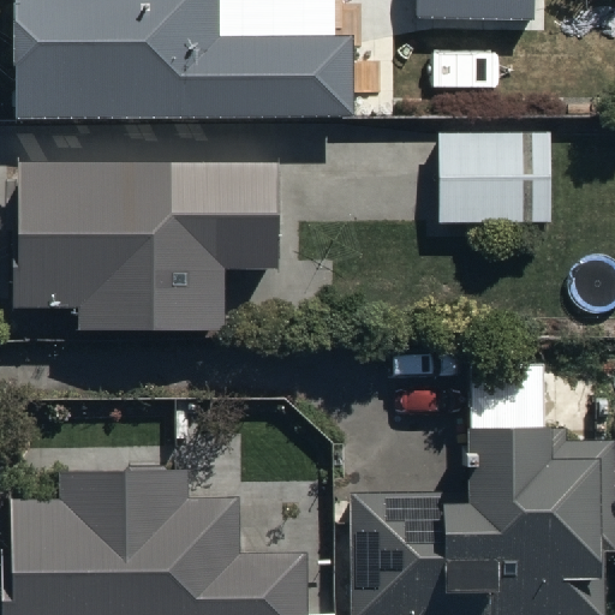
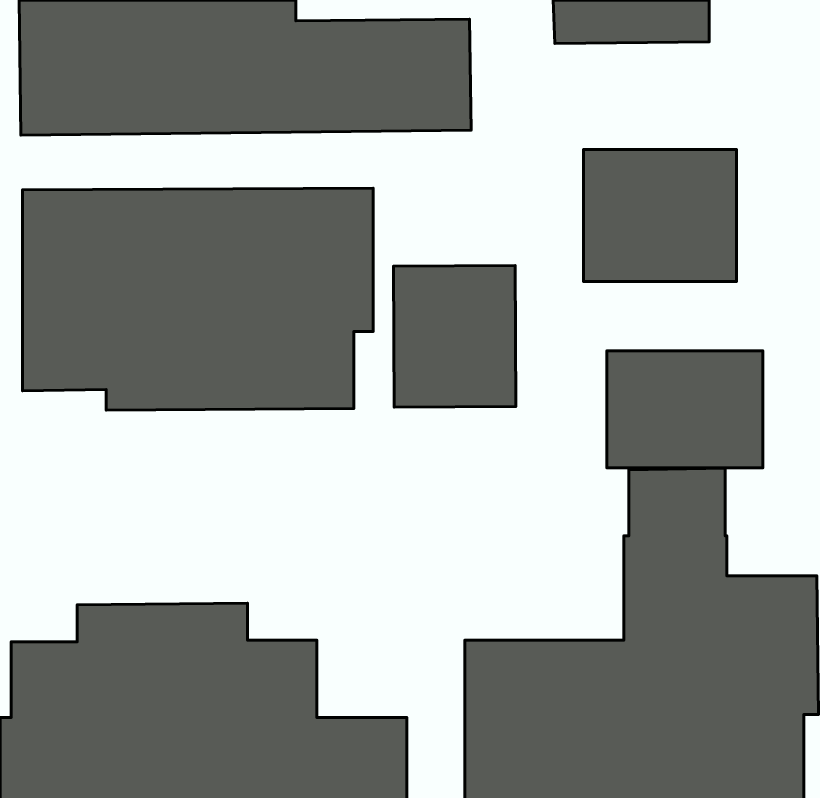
building: none -> [394,266,516,407]
building: none -> [607,351,763,468]

